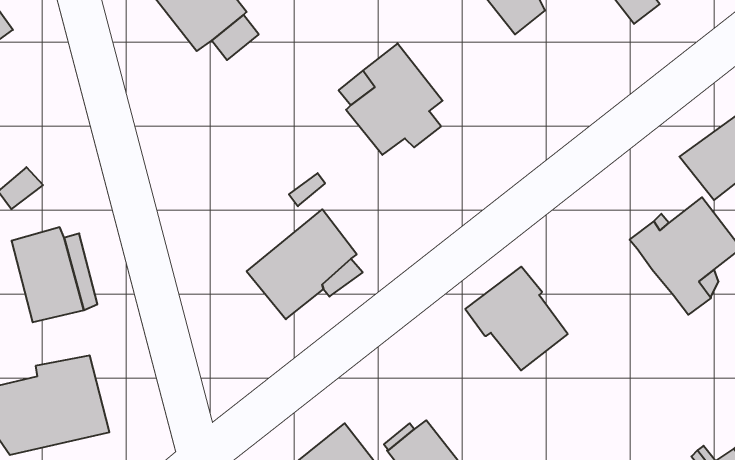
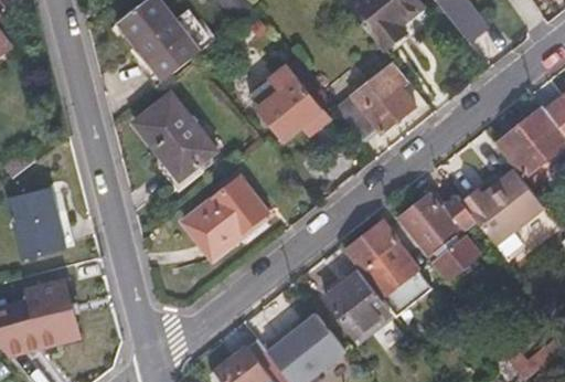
building: none -> [332,63,413,142]
building: none -> [135,92,217,180]
building: none -> [403,193,482,282]
building: none -> [324,272,388,337]

